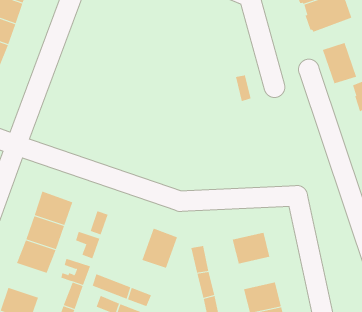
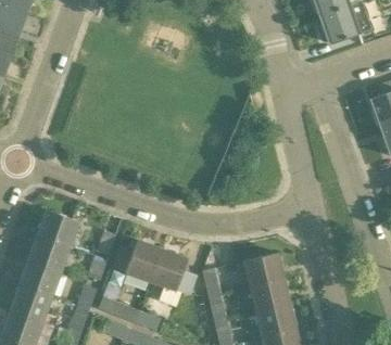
building: [322,42,357,84] -> none
building: none -> [125,240,162,282]
building: none -> [251,279,290,312]
building: none -> [10,285,51,321]

